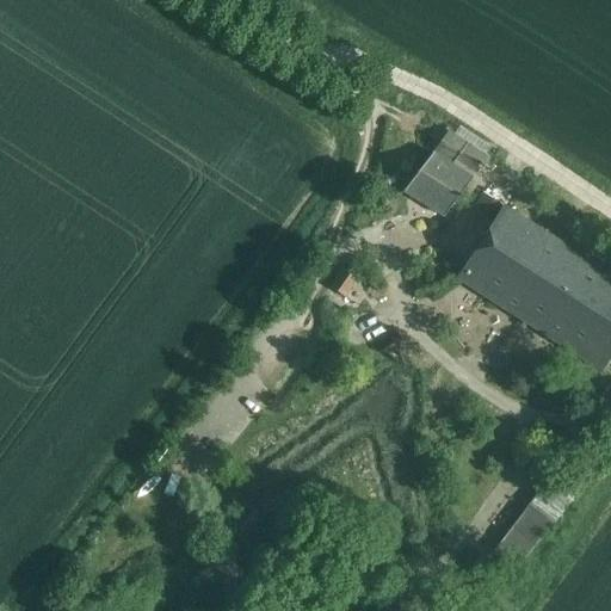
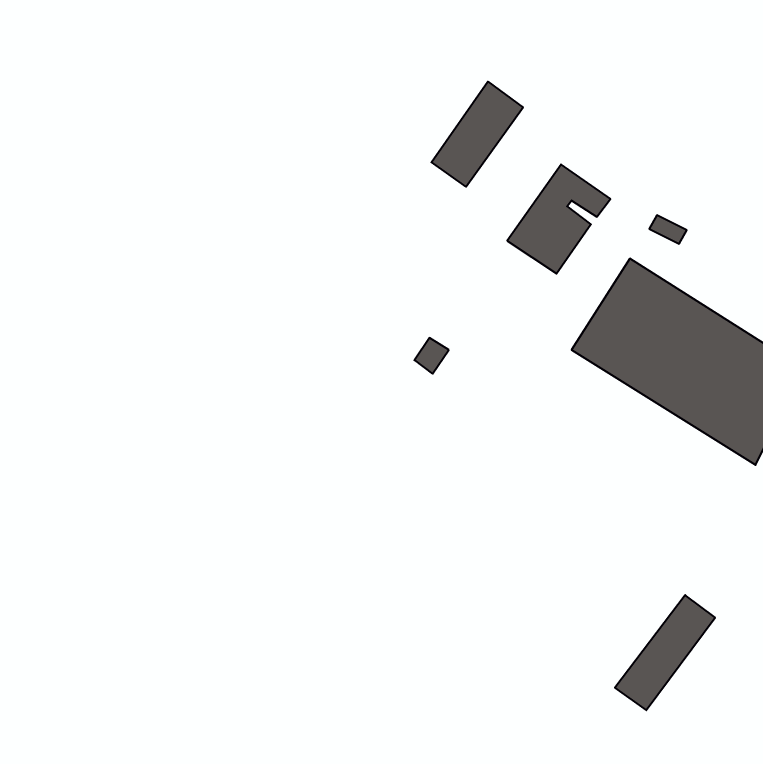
building: none -> [431,82,523,187]

